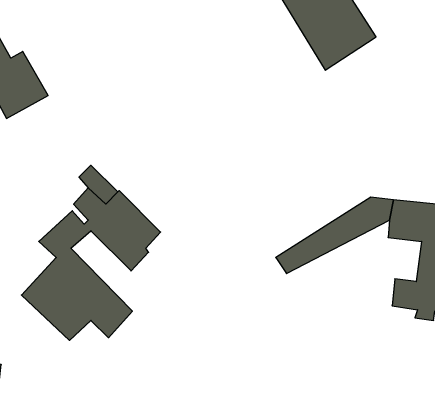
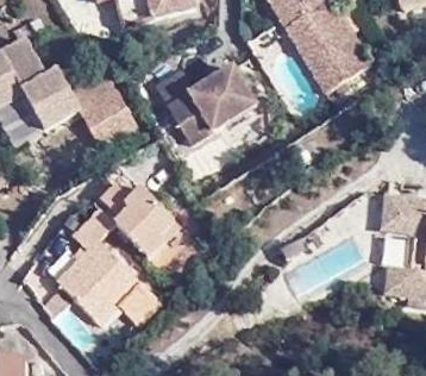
building: none -> [156,64,255,140]
building: none -> [73,82,132,148]

